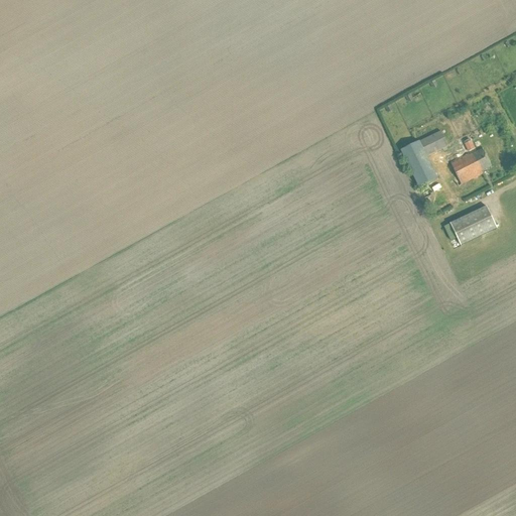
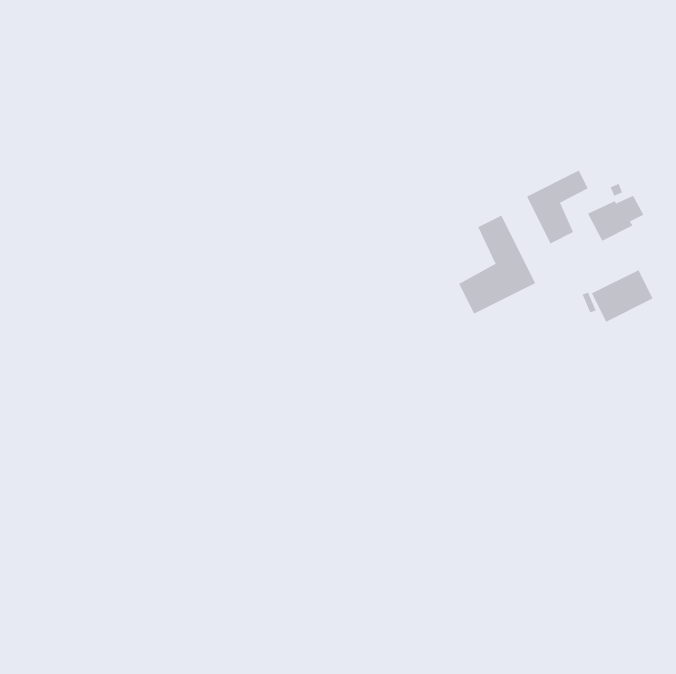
building: none -> [459,215,536,314]

